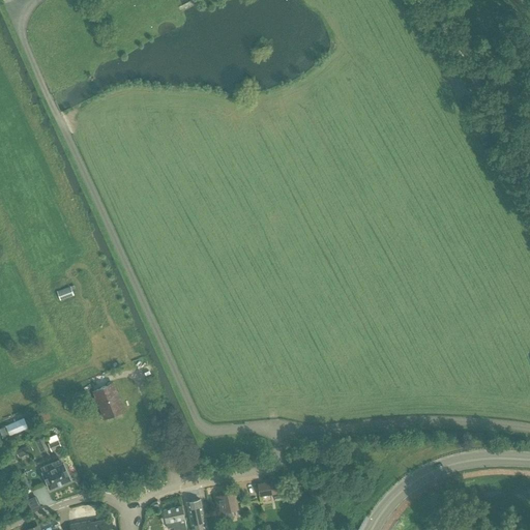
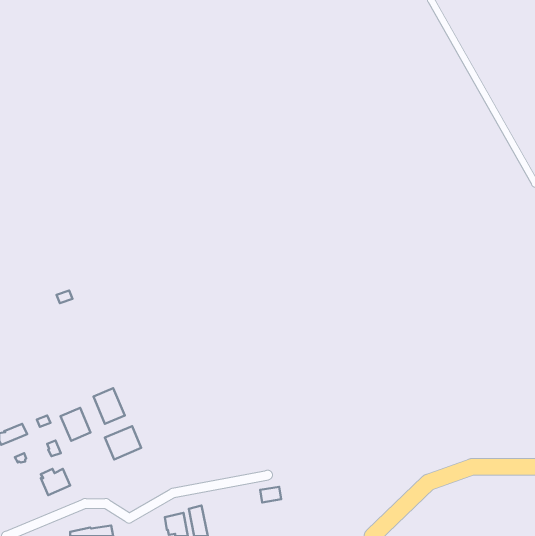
building: none -> [61,408,91,441]
building: none -> [105,426,141,459]
building: [214,492,236,522] -> none

